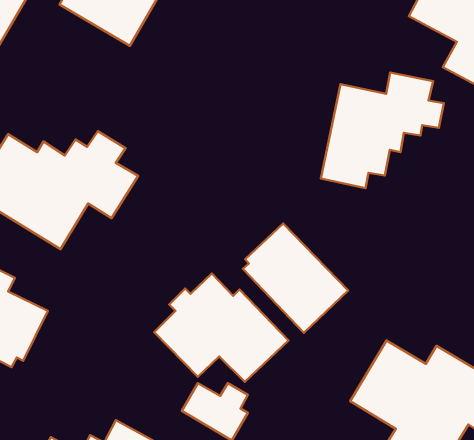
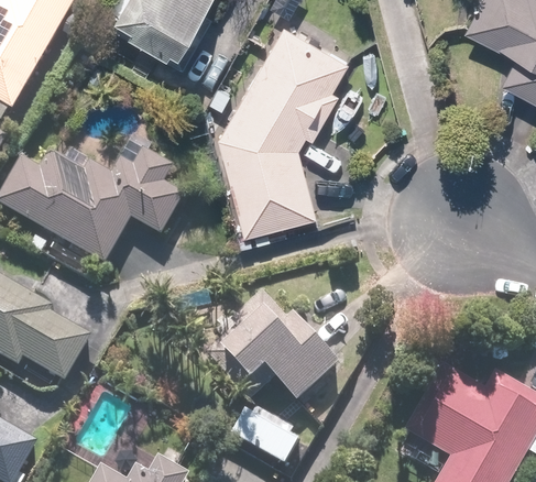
building: none -> [218,24,349,238]
building: [321,73,444,188] -> none
building: [243,224,348,333] -> none

